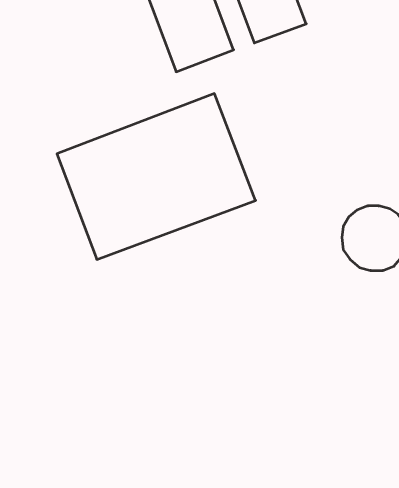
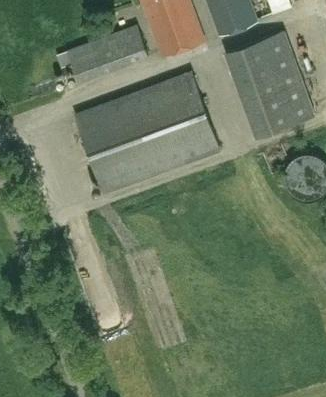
building: none -> [66,26,147,82]
building: none -> [225,32,313,136]

